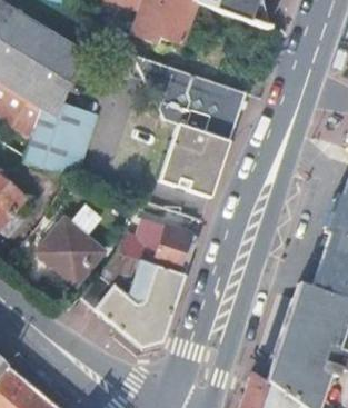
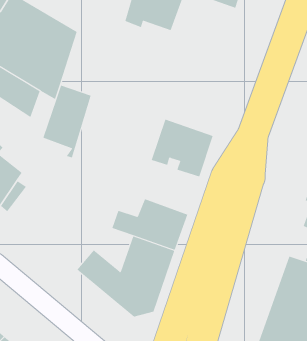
building: [132,54,246,157] -> none
building: [26,110,76,178] -> none
building: [40,220,106,286] -> none

